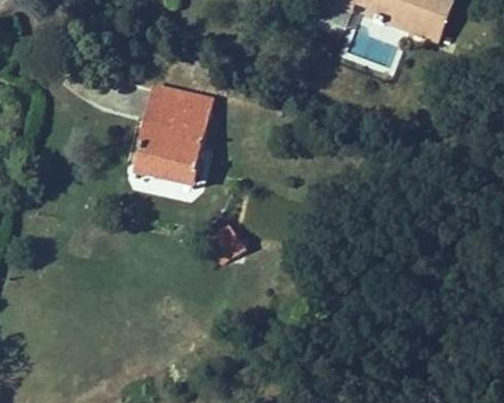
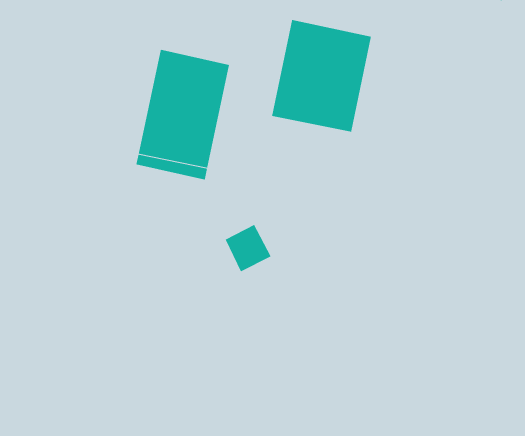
building: none -> [272,19,371,133]

